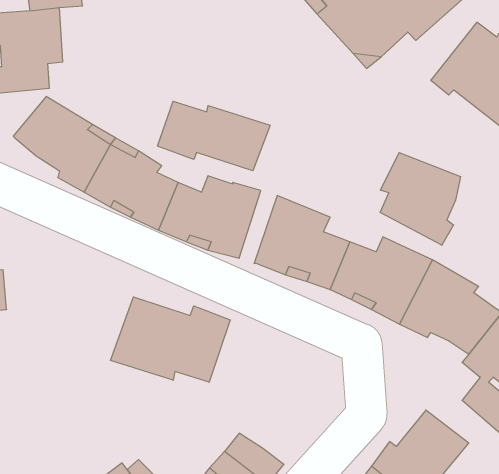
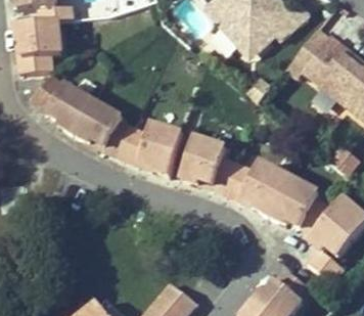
building: [157,101,270,171] -> none
building: [380,153,460,245] -> none
building: [110,297,230,382] -> none

